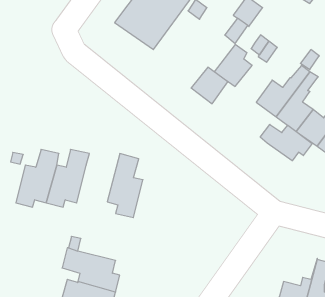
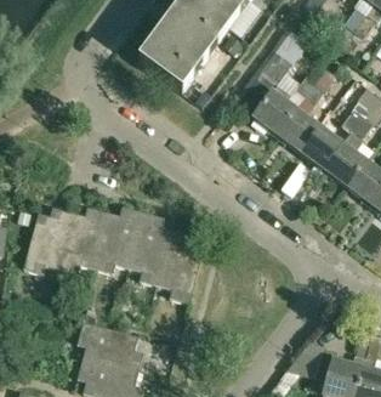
building: [191,67,228,104] -> [275,108,318,151]
building: [260,124,312,161] -> none
building: none -> [92,204,142,272]
building: none -> [158,227,199,301]

